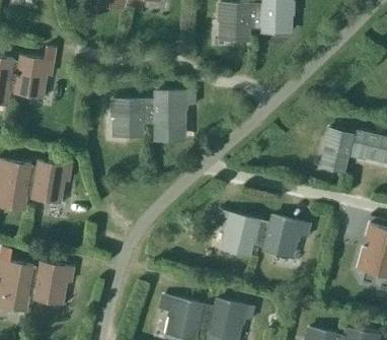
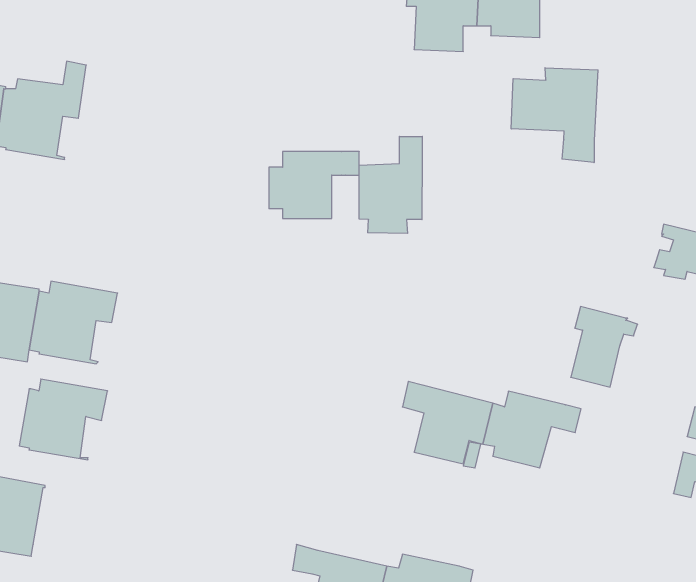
building: none -> [511,68,598,163]
building: none -> [359,136,422,233]
building: [112,101,149,136] -> none
building: [323,130,358,172] -> [571,307,638,387]
building: [27,262,73,303] -> [19,379,108,460]

